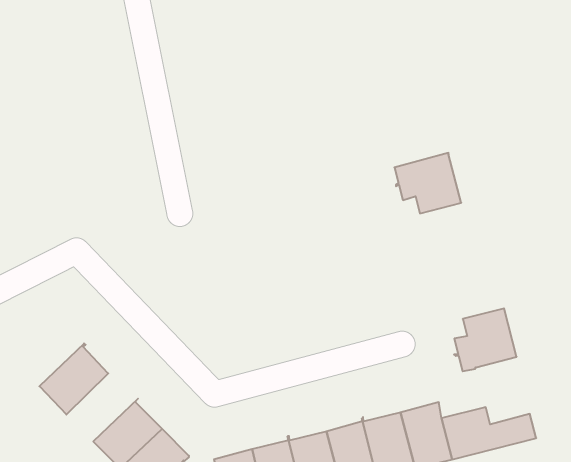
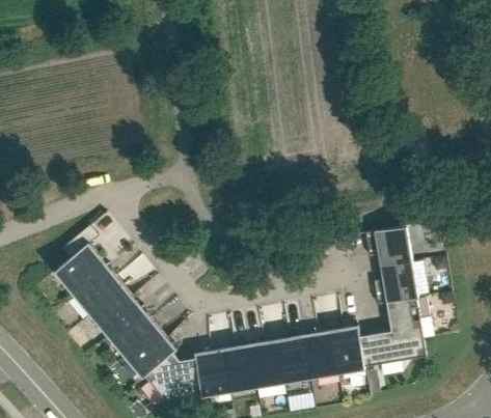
building: [394,153,461,213] -> [364,227,410,269]
building: none -> [56,227,108,292]
building: none -> [386,299,422,345]
building: none -> [91,287,143,335]

